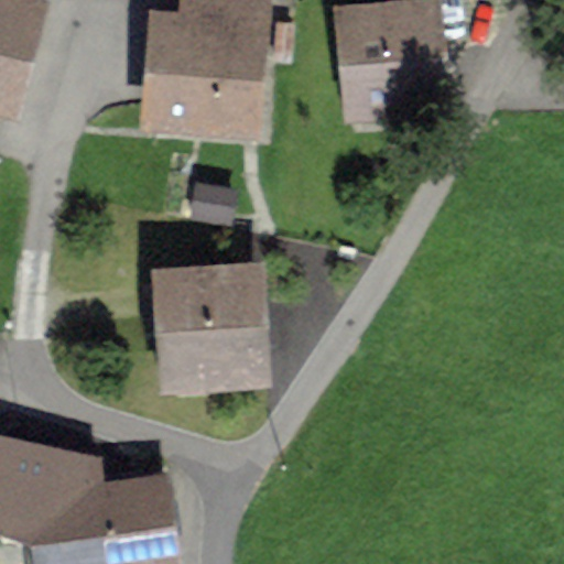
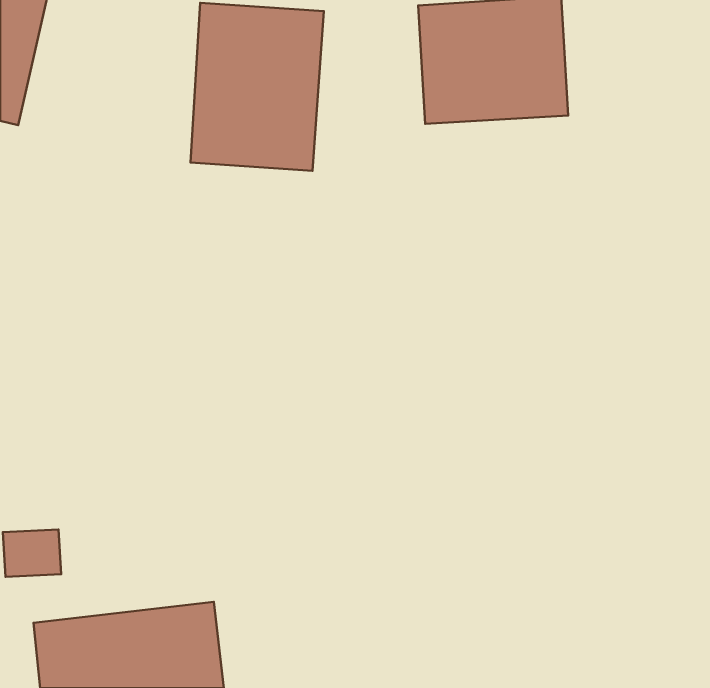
building: [153,267,264,382] -> none

